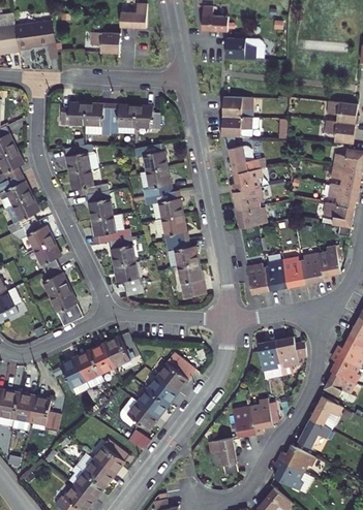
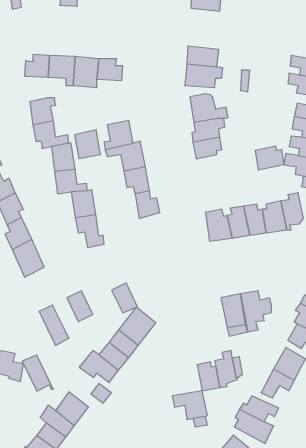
building: [140,142,165,171] -> [75,130,100,159]
building: [233,201,262,225] -> [255,146,284,170]
building: [176,259,203,297] -> none
building: [89,345,115,375] -> [112,283,137,313]
building: [61,358,92,394] -> [22,355,53,391]

